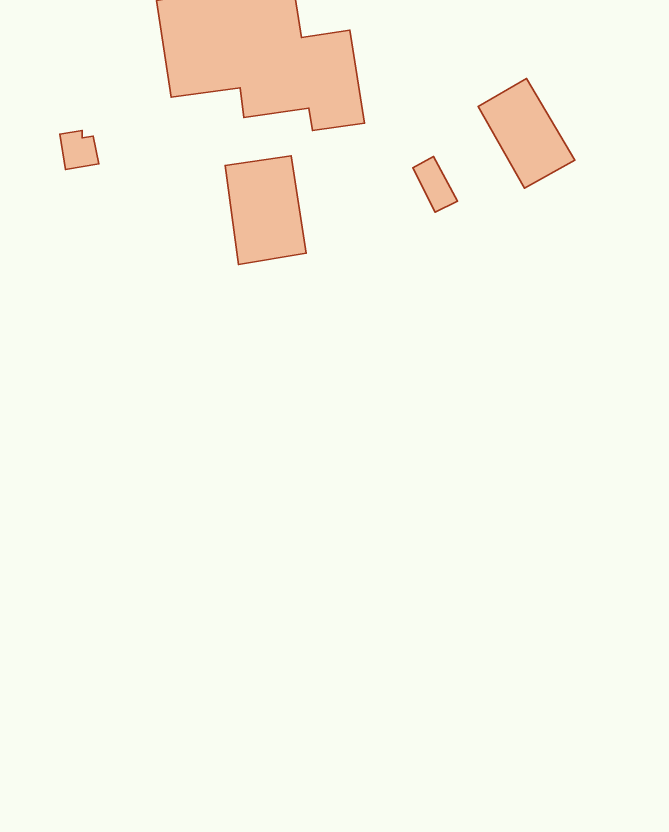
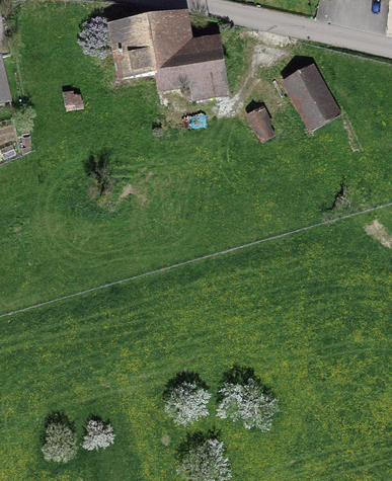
building: [225,156,306,264] -> none

